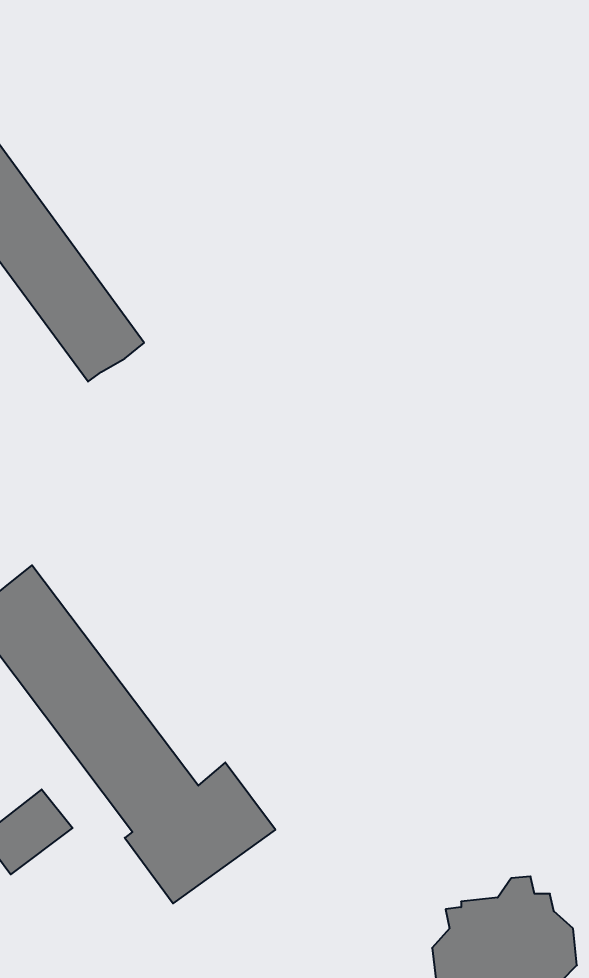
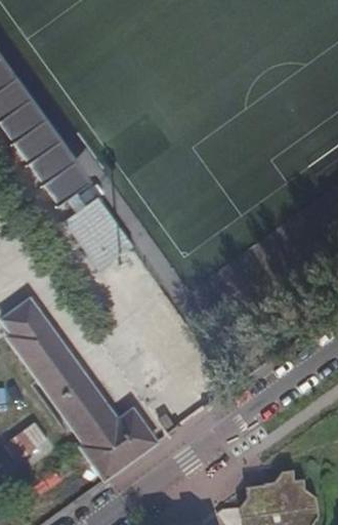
building: none -> [65,192,126,258]

